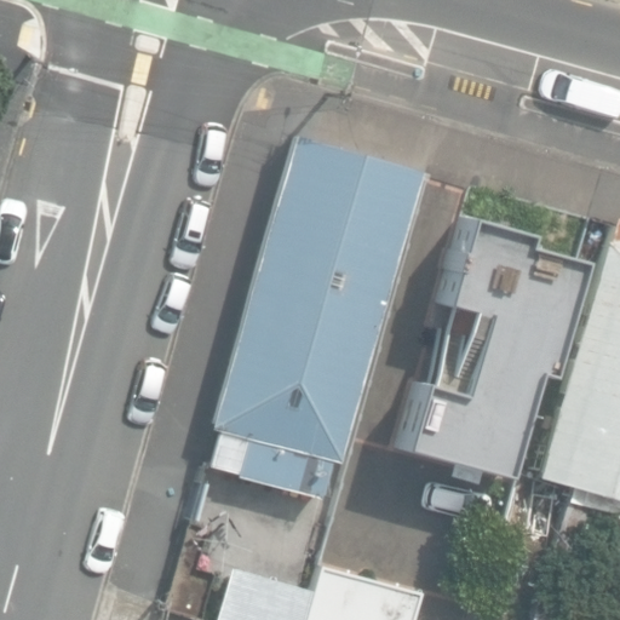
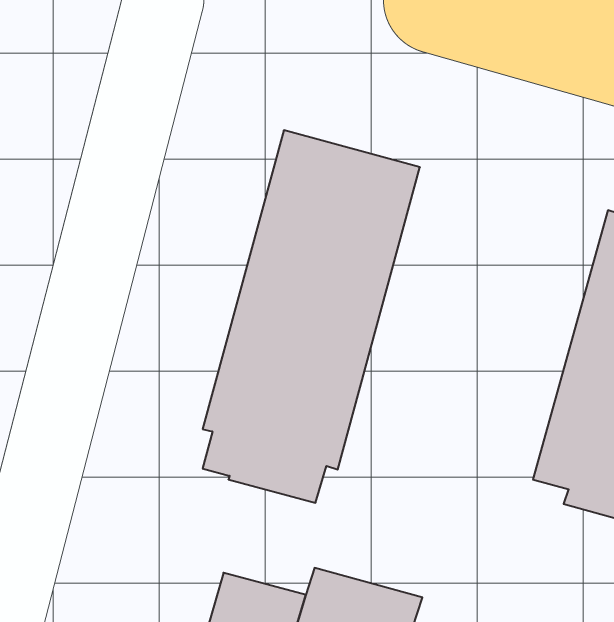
building: [395,216,585,483] -> none

